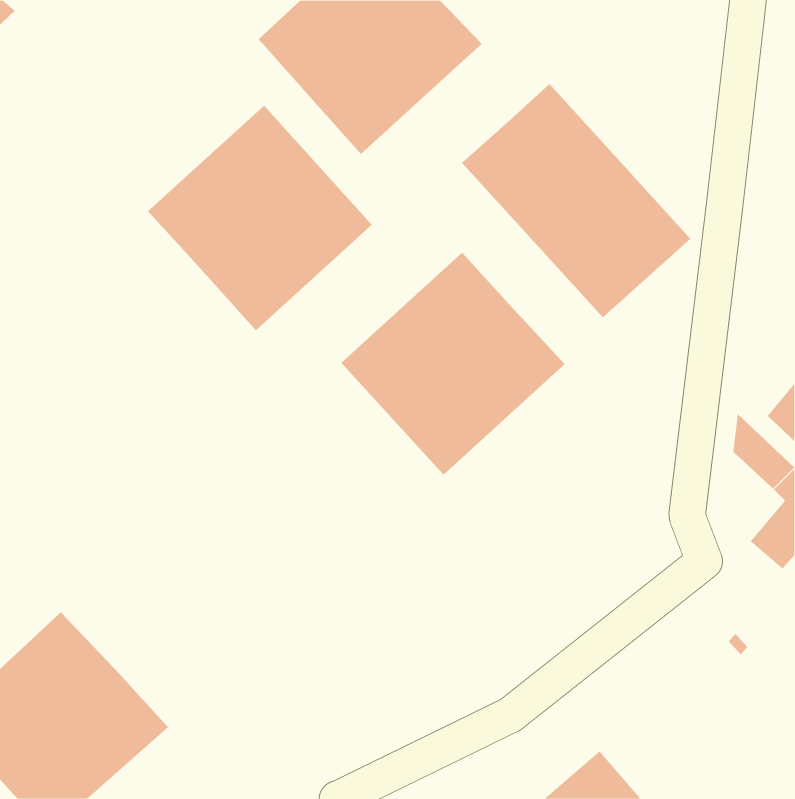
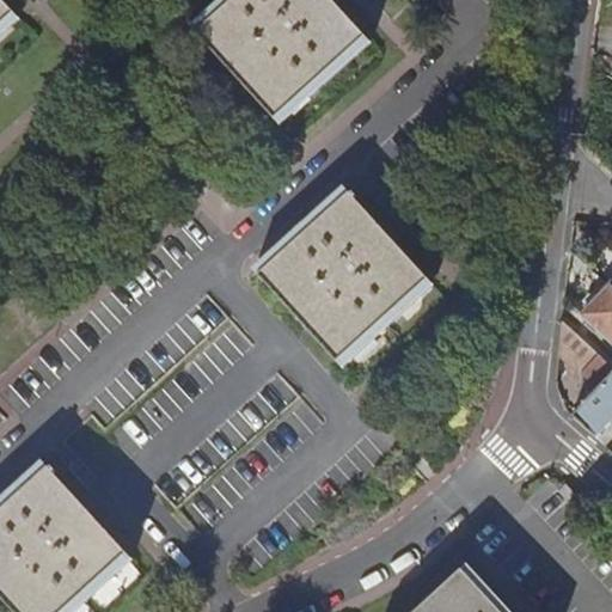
building: [461,83,691,318] -> none
building: [147,105,372,331] -> none

